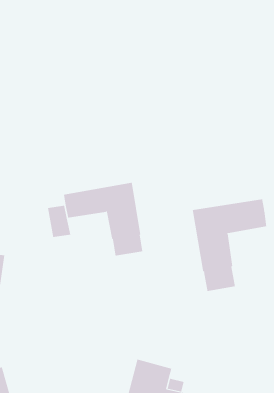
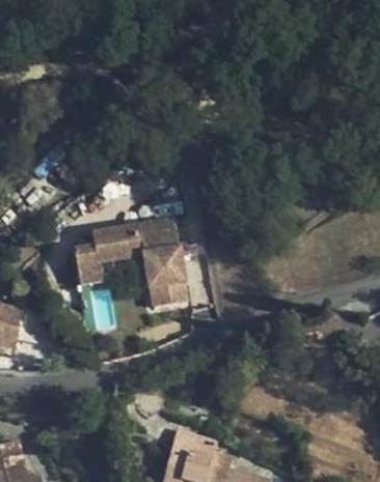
building: [192,199,267,292] -> none

